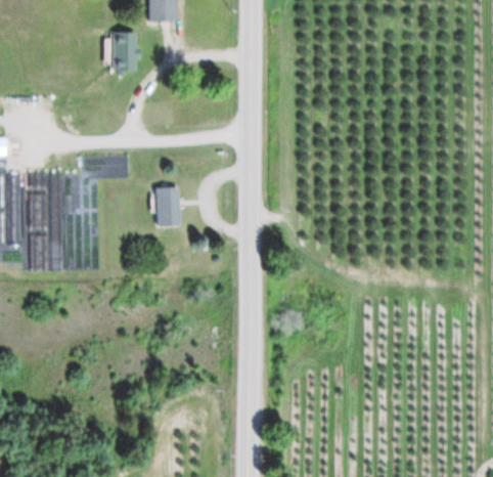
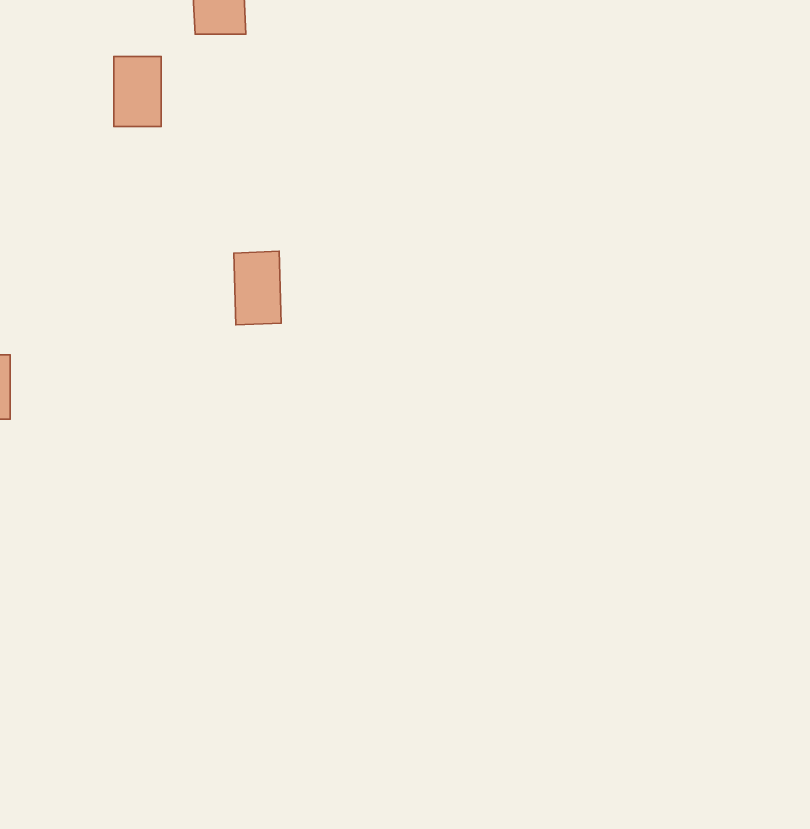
building: [154,186,180,226] -> [234,251,281,325]

